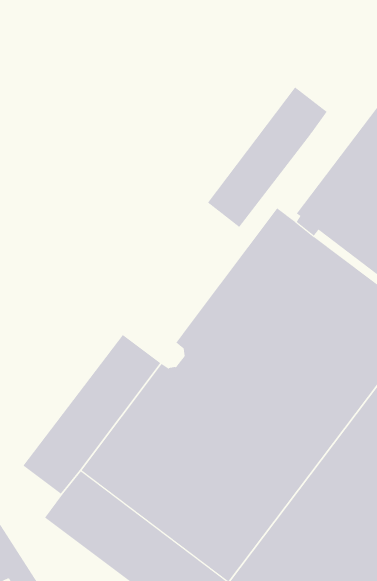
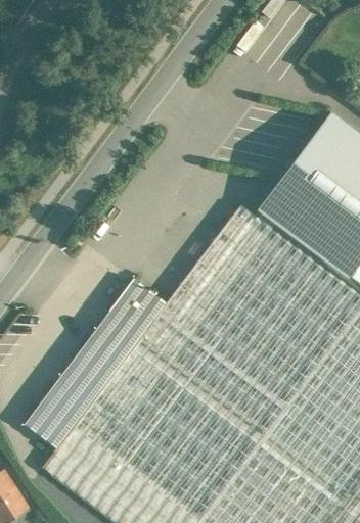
building: [207,87,327,228] -> none
building: none -> [109,278,168,340]

